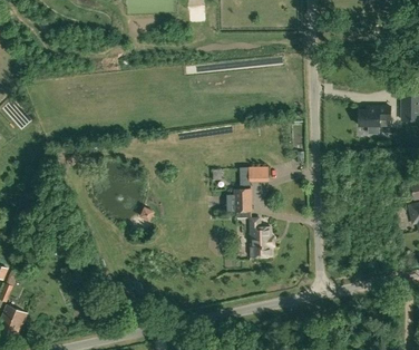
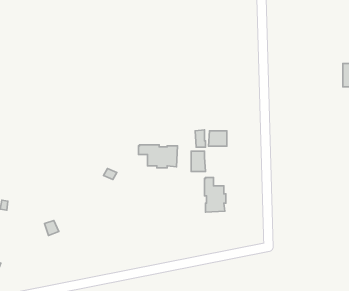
building: [358,106,389,133] -> none
building: none -> [138,145,178,168]

